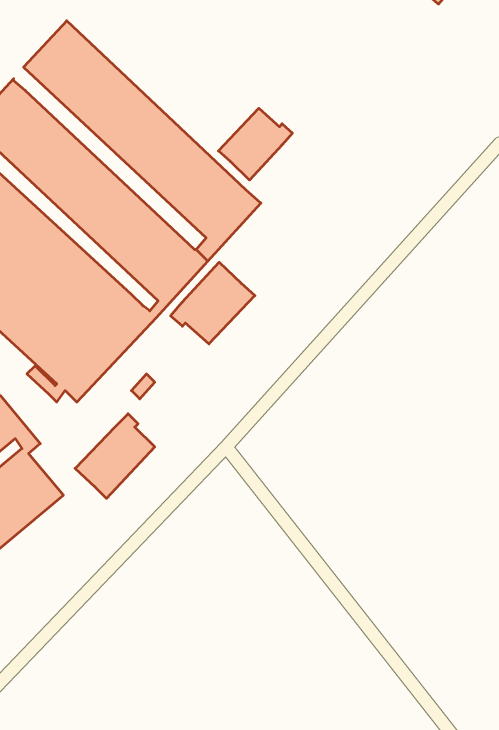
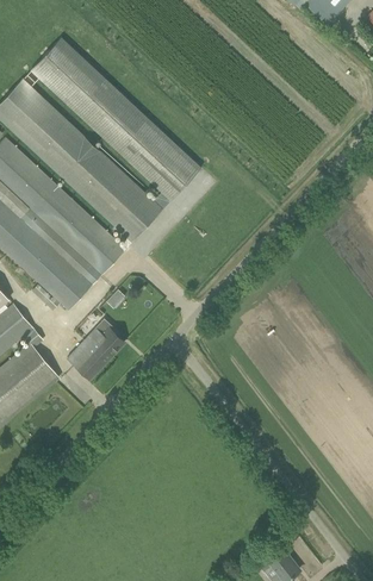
building: [218,108,292,180] -> none
building: [171,262,255,344] -> none

